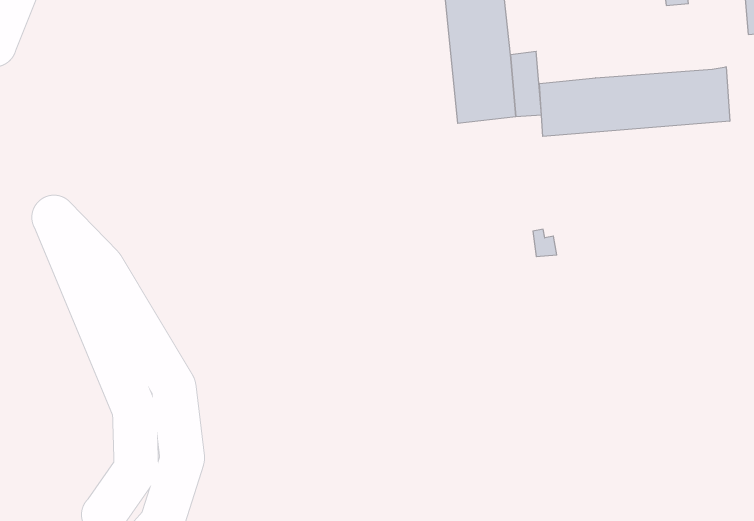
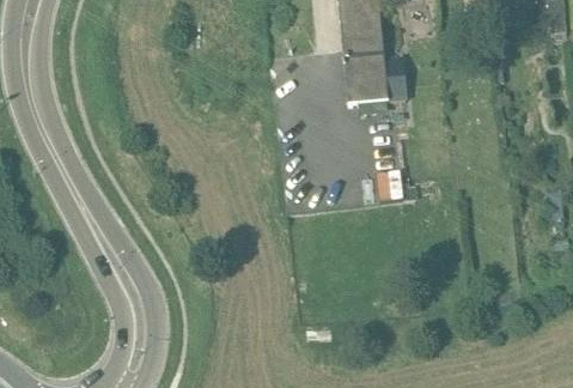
building: [539,67,730,136] -> none

